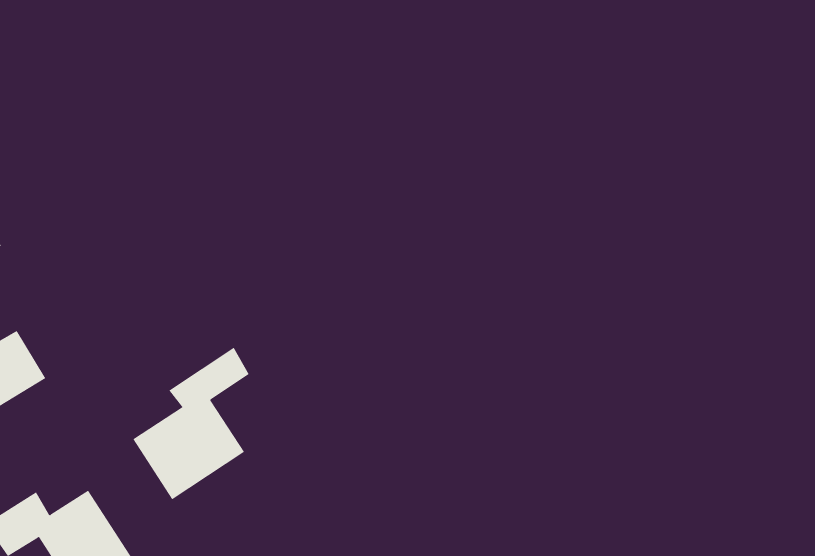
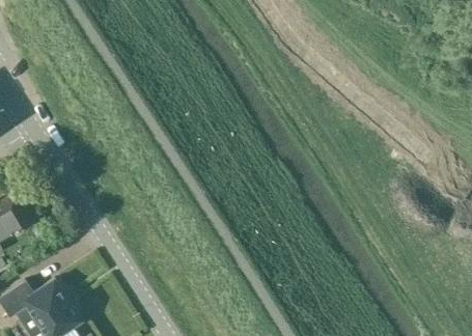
building: [132,347,250,500] -> none

